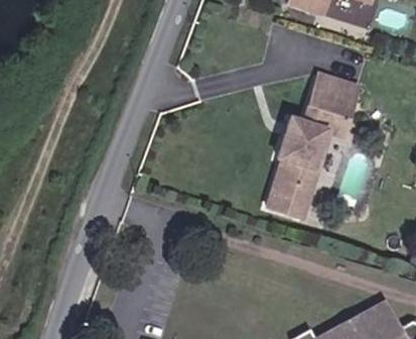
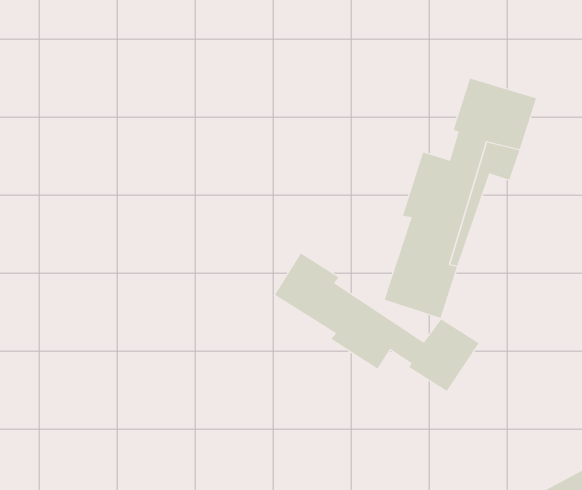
building: none -> [274,253,479,392]

